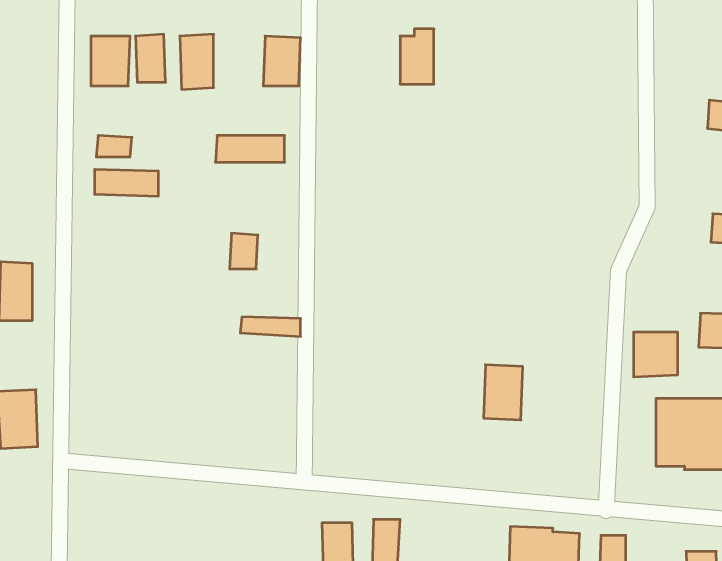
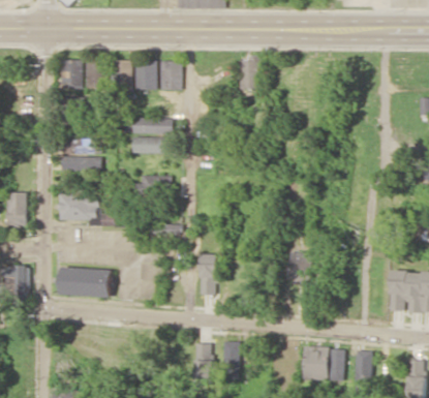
building: none -> [136,60,157,89]
building: none -> [132,136,170,153]
building: none -> [61,156,101,172]
building: none -> [59,192,99,225]
building: [634,332,677,377] -> none
building: none -> [200,254,217,294]
building: none -> [60,268,112,297]

